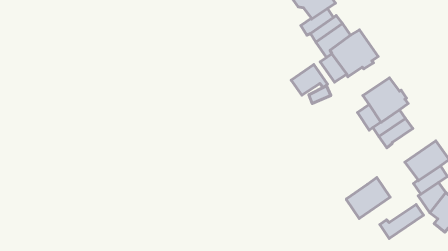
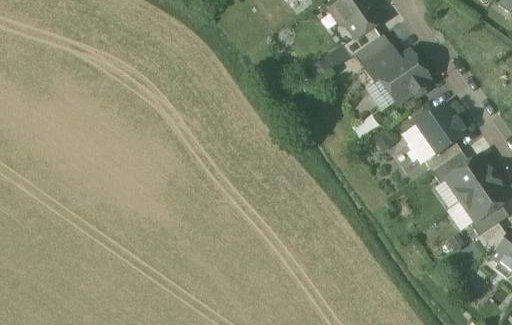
building: [291,65,327,95] -> none
building: [347,178,390,218] -> [447,153,496,199]
building: [380,205,424,239] -> none

